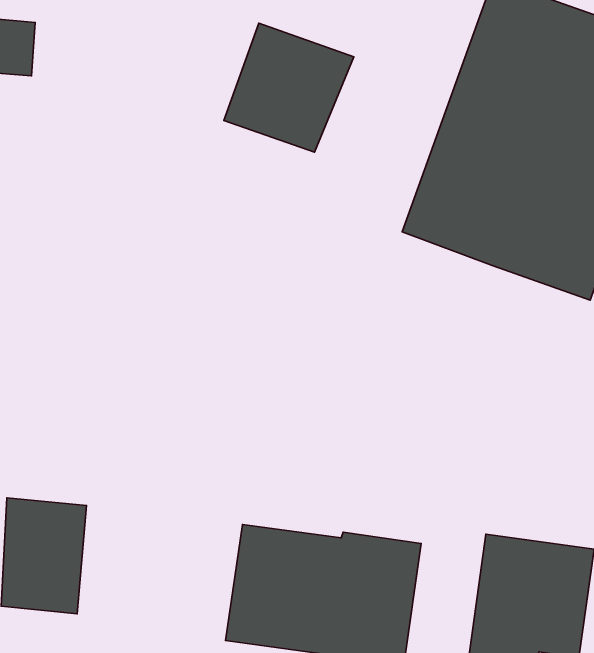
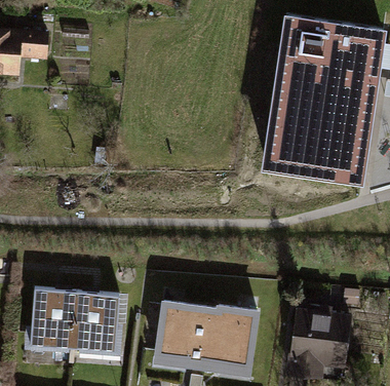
building: [224,23,354,152] -> none
building: none -> [74,292,122,356]

